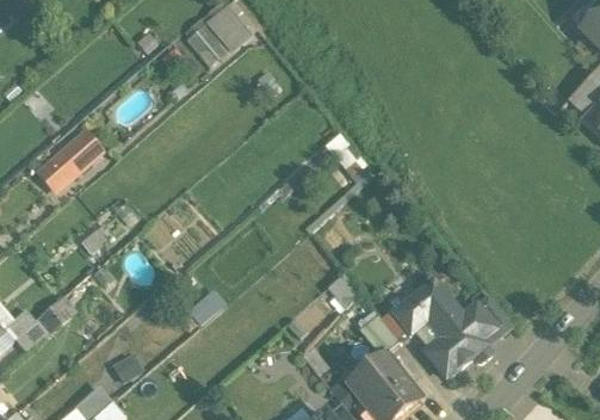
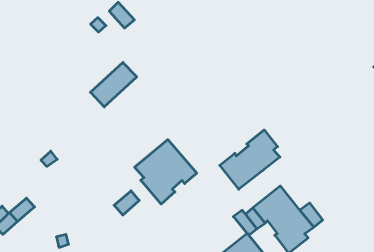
building: [39,125,107,191] -> [90,62,137,107]
building: none -> [220,130,280,189]
building: none -> [135,140,197,204]

